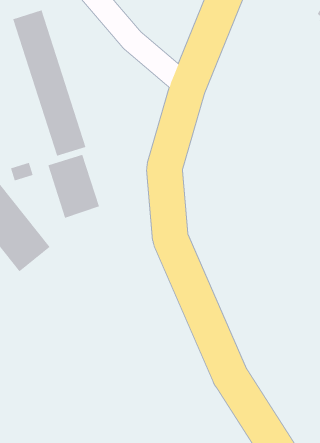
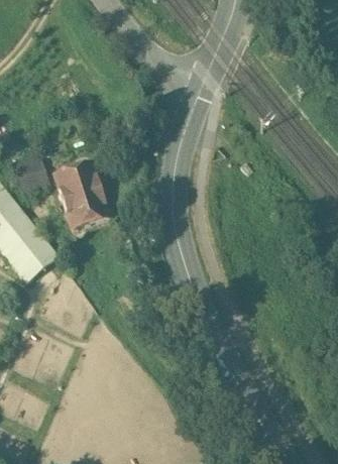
building: [12,10,86,157] -> none

